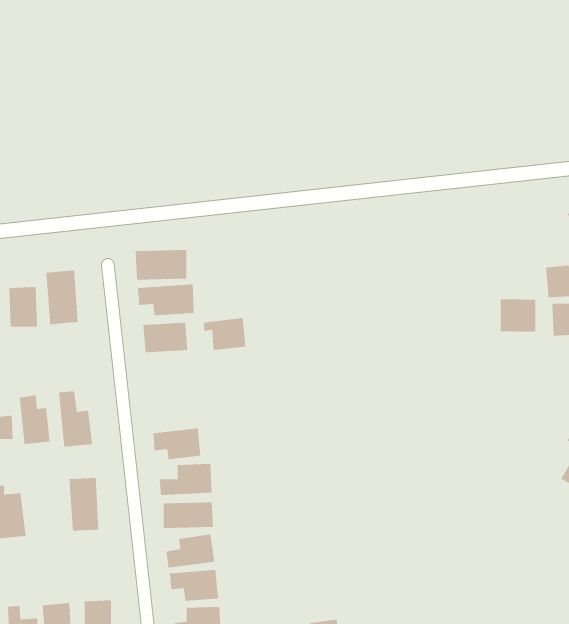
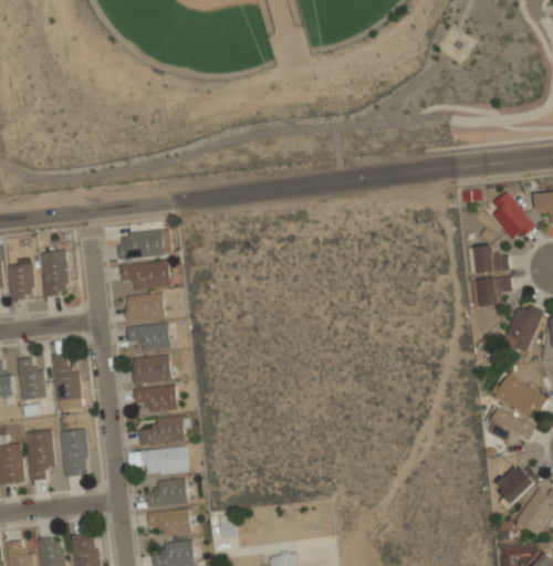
building: [500,298,536,332] -> none
building: [203,317,246,351] -> [129,324,167,353]
building: none -> [132,357,169,382]
building: none -> [25,429,53,479]

